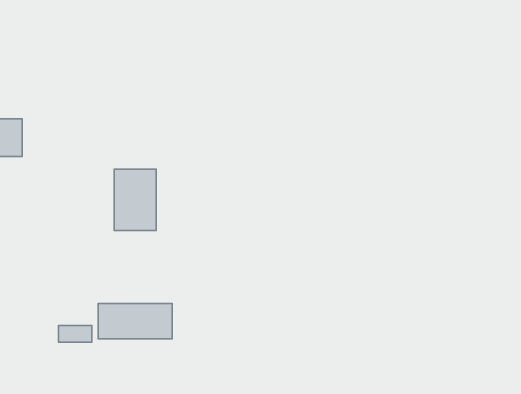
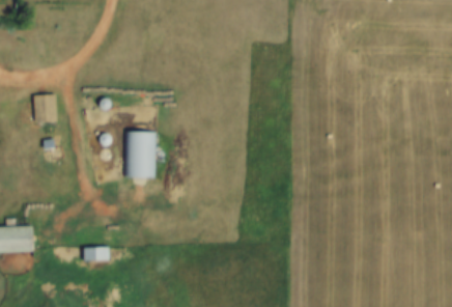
building: [98,304,172,339] -> none

